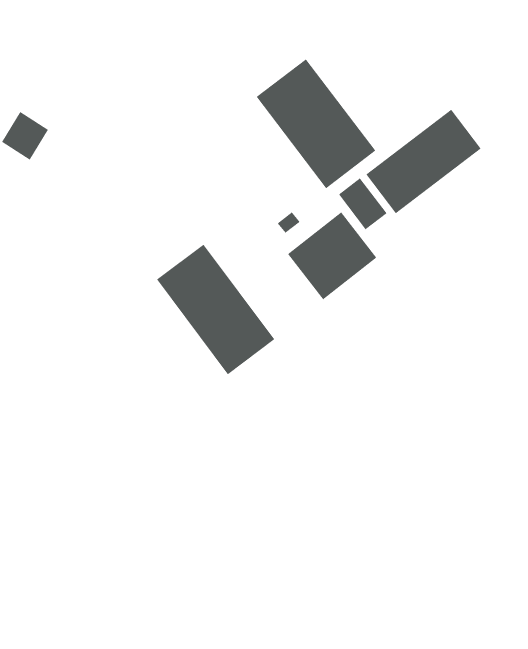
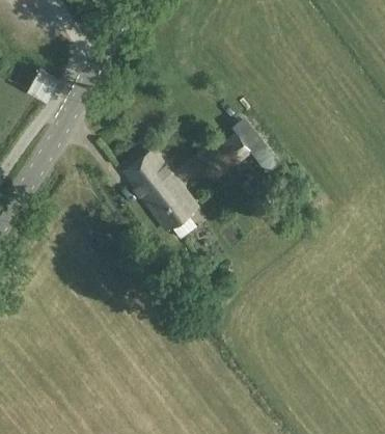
building: [256,58,376,189] -> none
building: [365,109,482,214] -> none

